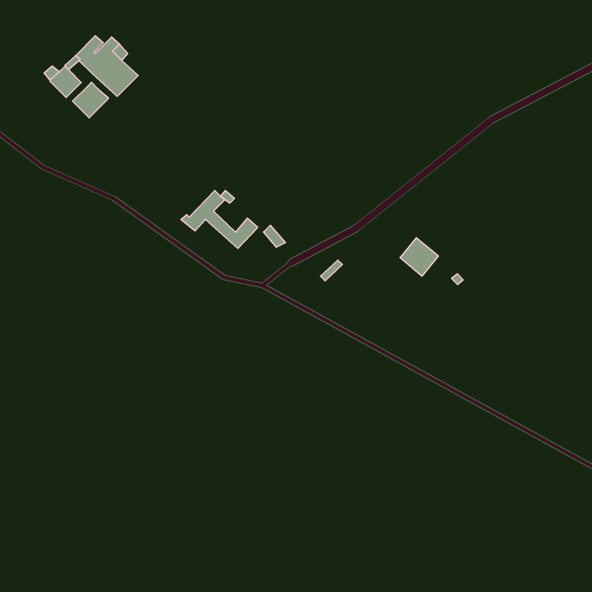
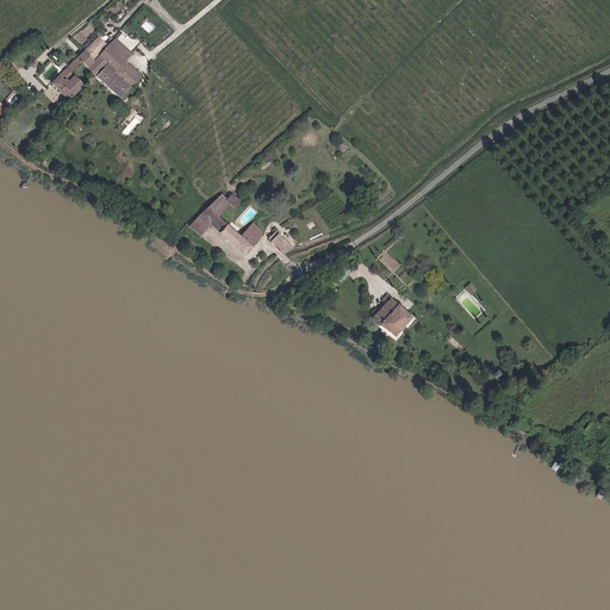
building: [73,82,108,118] -> none
building: [400,238,438,276] -> [373,295,412,335]

